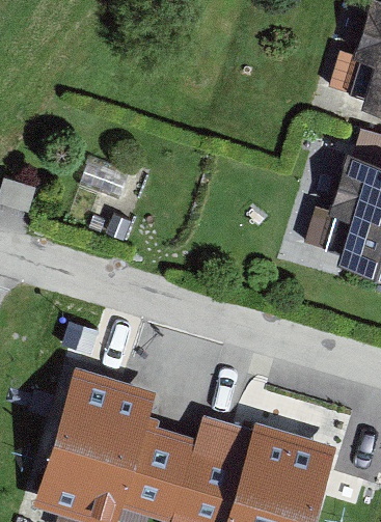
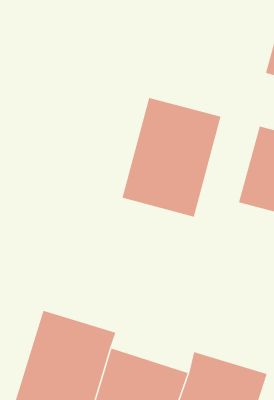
building: none -> [122,97,221,217]

